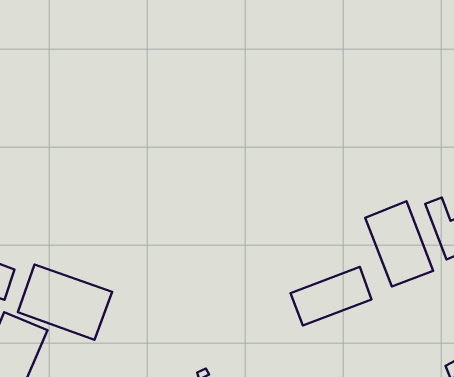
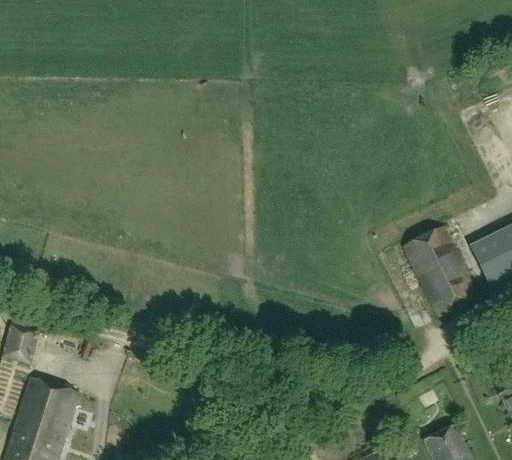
building: [18,265,112,340] -> none
building: [290,267,371,326] -> none

